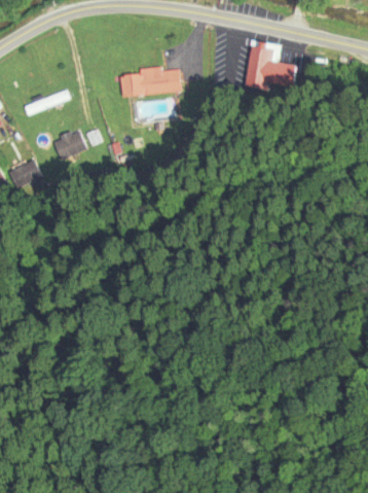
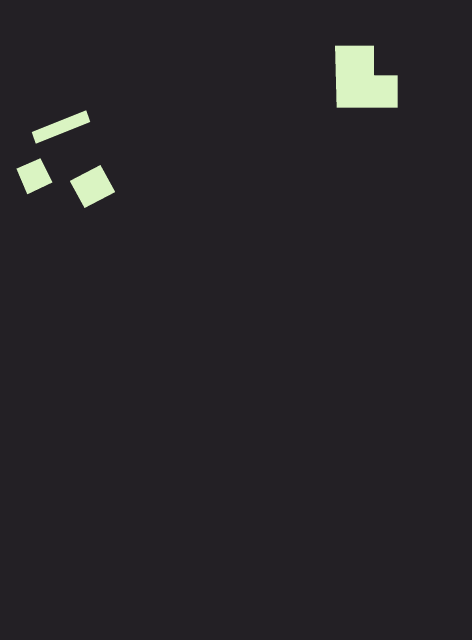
building: [119,67,181,97] -> none
building: [14,161,42,188] -> [16,157,53,195]

